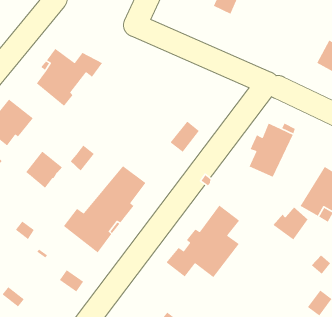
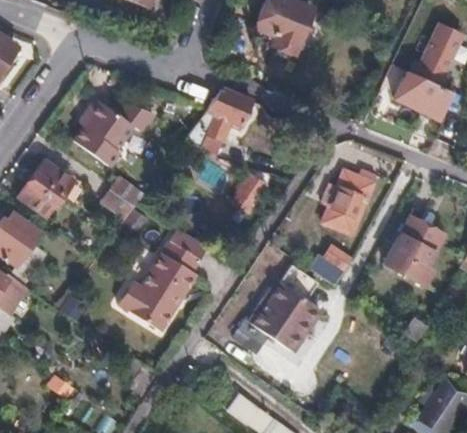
building: none -> [184,89,252,152]
building: [25,150,63,189] -> [101,176,144,220]
building: [273,206,309,240] -> [310,246,351,285]

